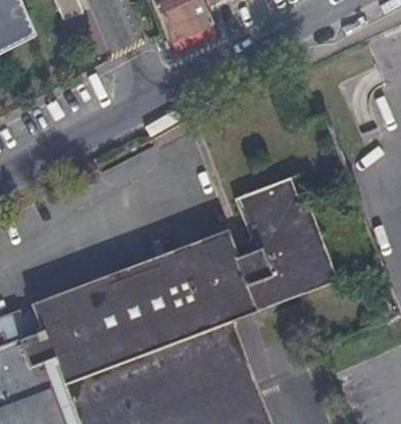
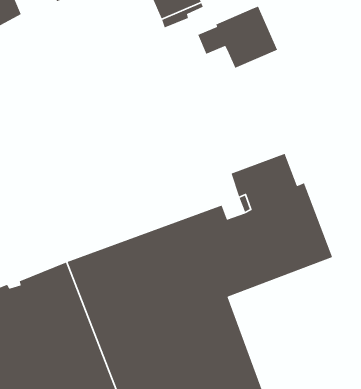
building: none -> [197,6,278,69]

